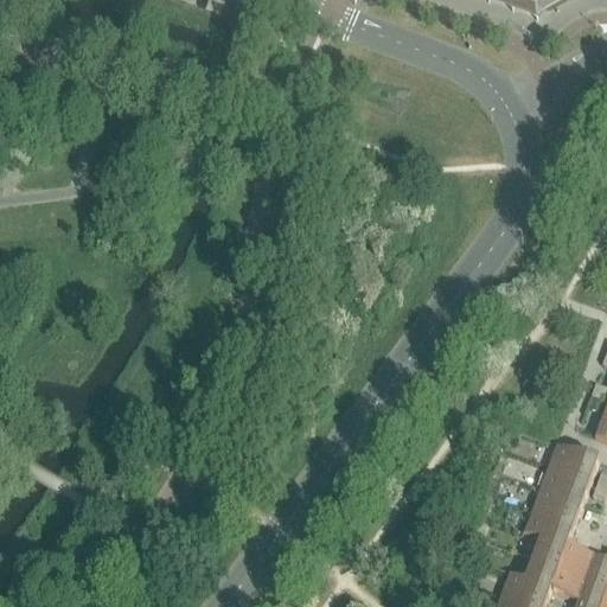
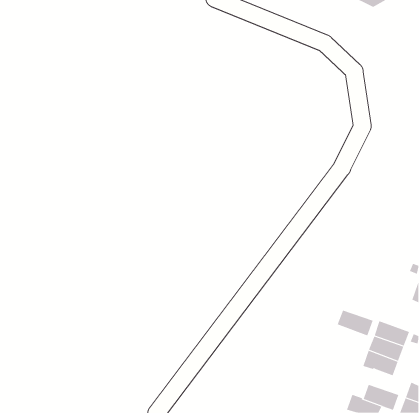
building: [548,442,601,480] -> [337,310,374,336]
building: [532,533,586,571] -> none

